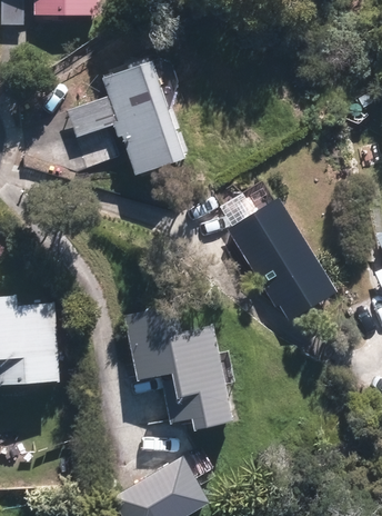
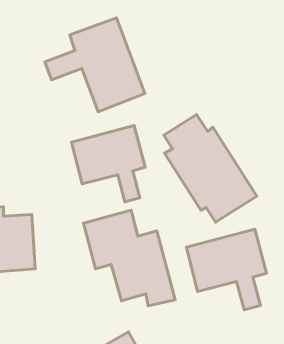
building: none -> [72,125,145,202]
building: none -> [186,229,267,310]

